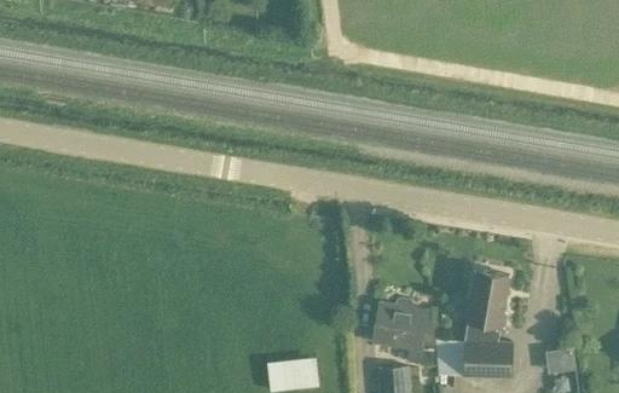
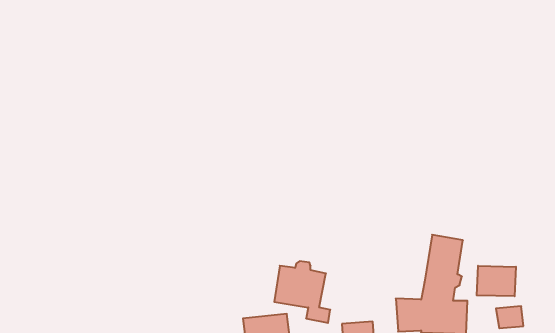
building: [372,297,434,365] -> [274,261,330,323]
building: none -> [477,266,516,296]

